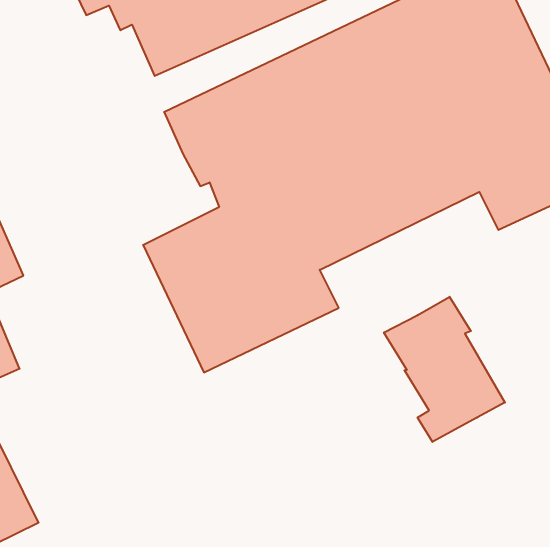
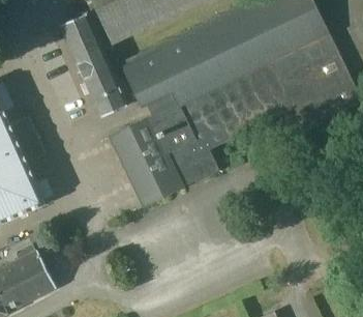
building: none -> [62,15,126,116]
building: [384,297,505,442] -> none

